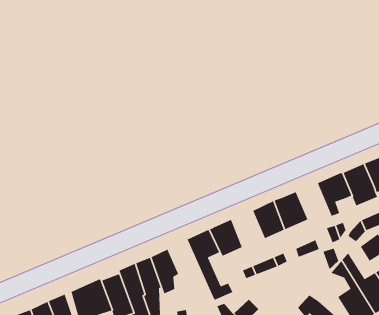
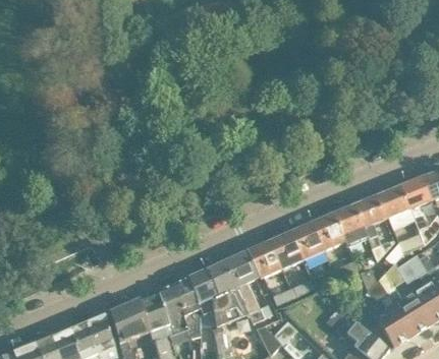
building: none -> [334,204,369,246]
building: none -> [270,232,303,268]
building: none -> [207,260,249,326]

